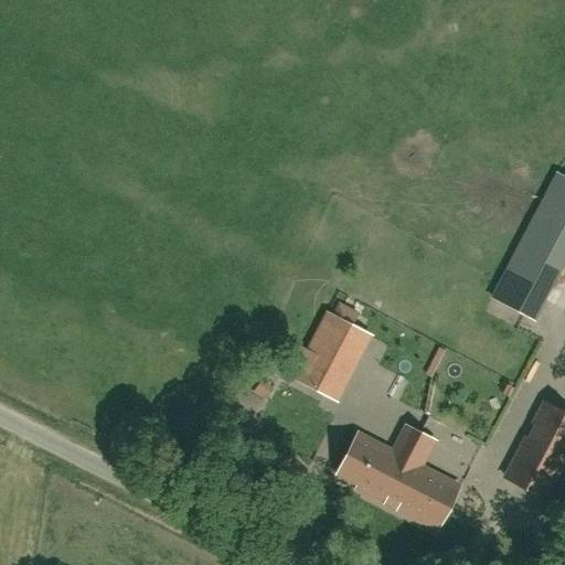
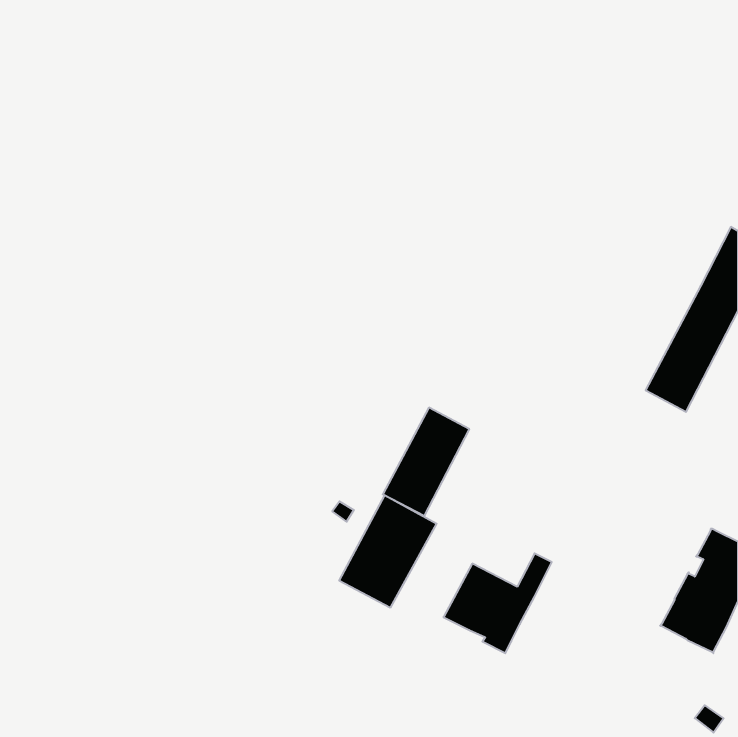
building: none -> [339,495,437,608]
building: [386,430,460,526] -> none

